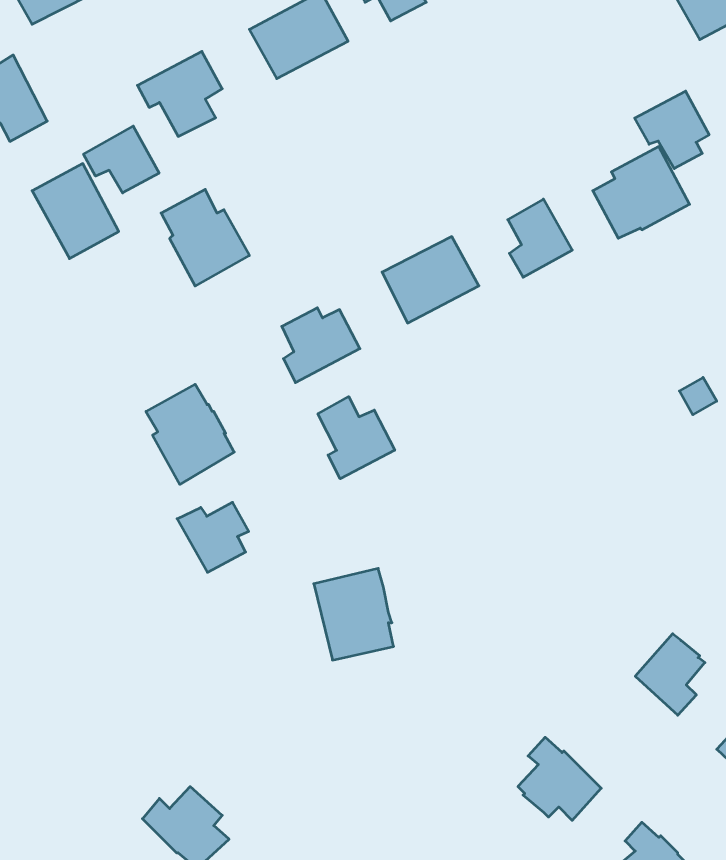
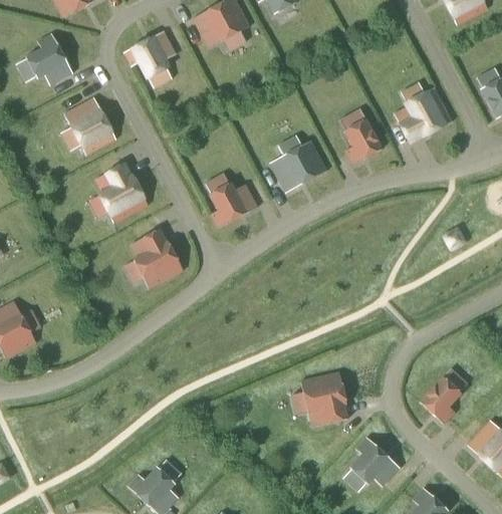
building: [635,91,709,169] -> none
building: [84,126,159,193] -> none
building: [161,189,249,286] -> [95,164,148,221]
building: [318,397,395,479] -> none
building: [177,502,249,572] -> none
building: [314,568,394,660] -> [301,371,348,426]

